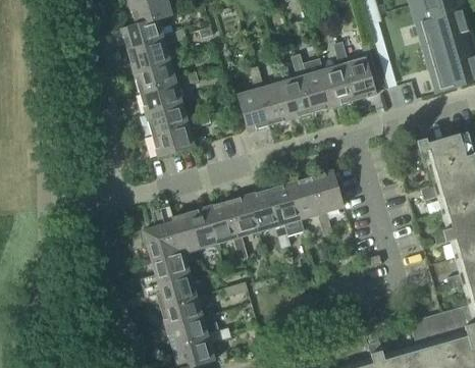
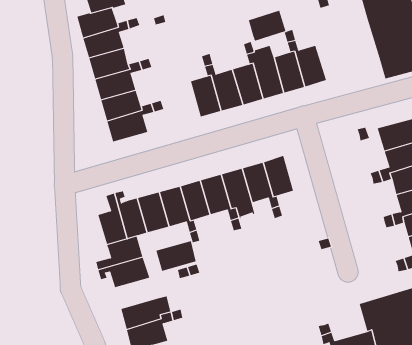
building: none -> [248,10,286,41]
building: [159,295,201,326] -> [156,241,197,272]

